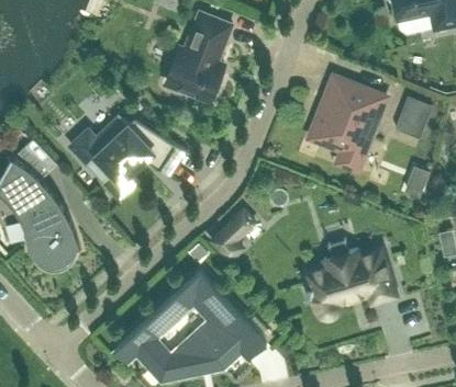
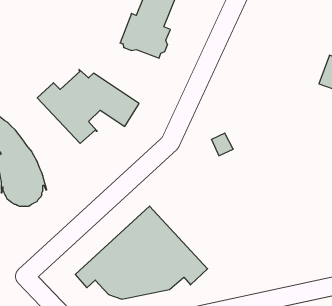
building: [310,77,387,171] -> none
building: [212,210,255,260] -> none
building: [304,249,394,318] -> none

